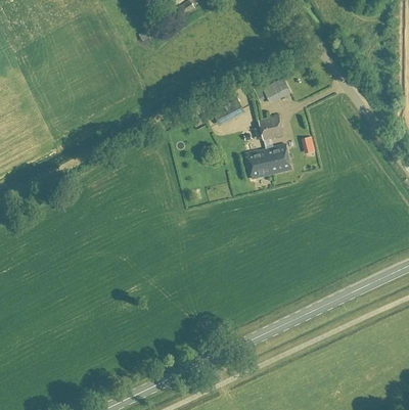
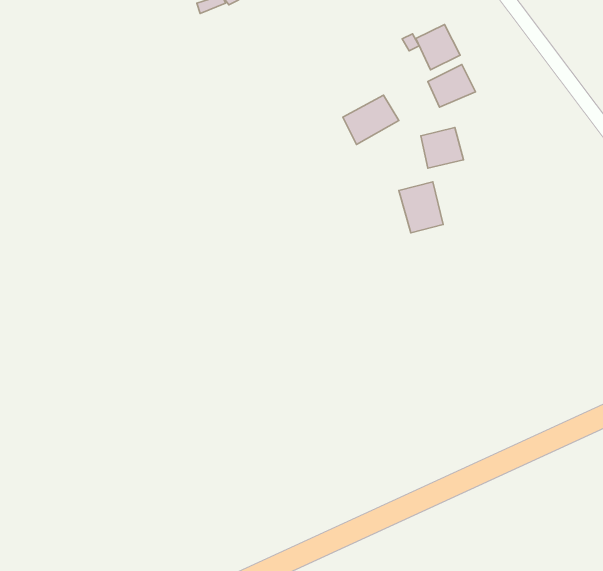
building: none -> [416,24,460,70]
building: [265,143,290,174] -> none

